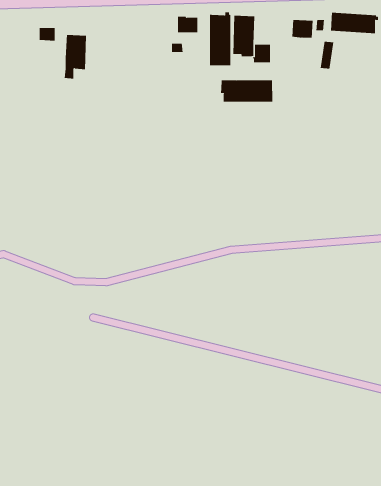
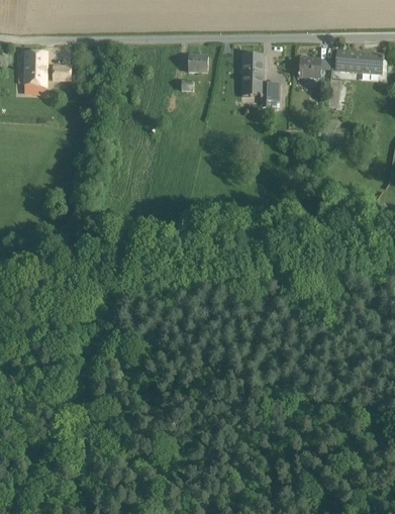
building: [210,11,231,66] -> none
building: [64,34,87,79] -> [23,53,45,96]
building: [221,79,273,103] -> none

